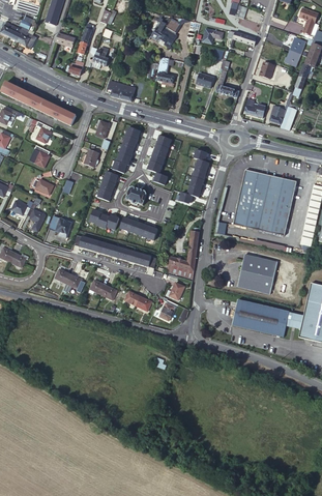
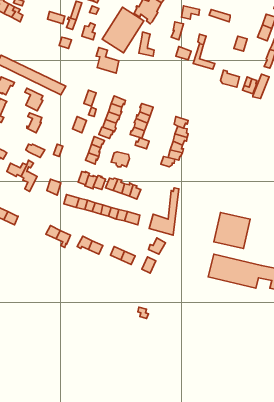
building: none -> [102,7,144,53]
building: [232,169,296,235] -> none

